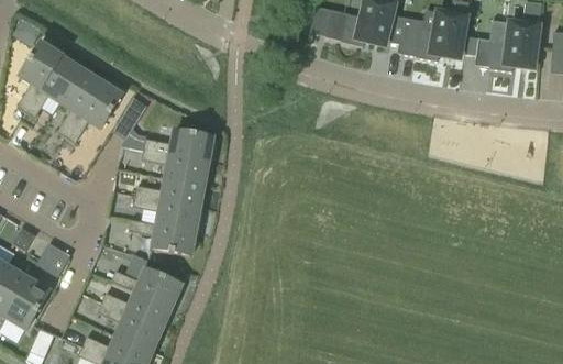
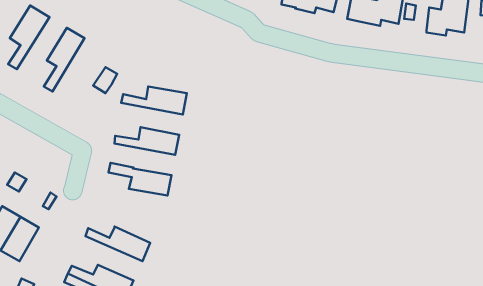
building: [23,49,80,114] -> none
building: [64,74,122,141] -> none
building: [140,147,212,184] -> none
building: [132,194,203,230] -> none
building: [110,266,185,307] -> none
building: [97,299,166,350] -> none

